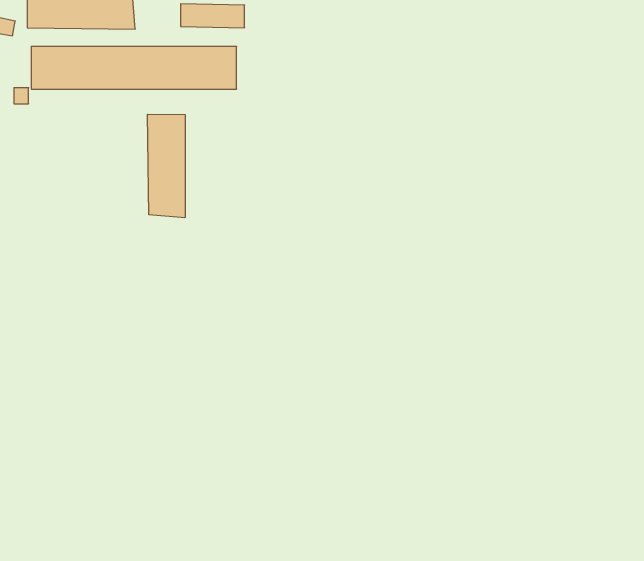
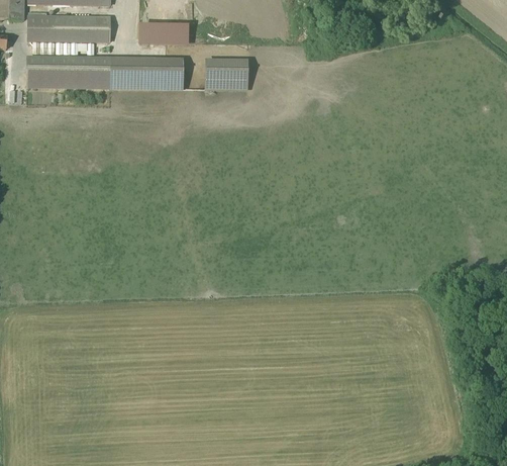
building: none -> [205,57,248,88]
building: [148,114,185,218] -> none

